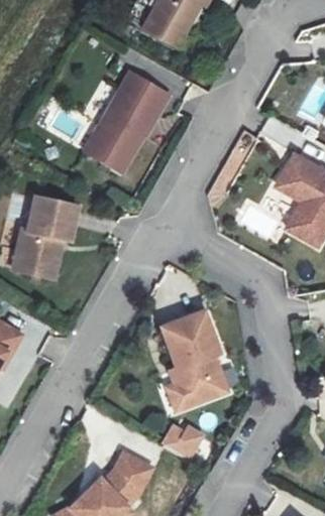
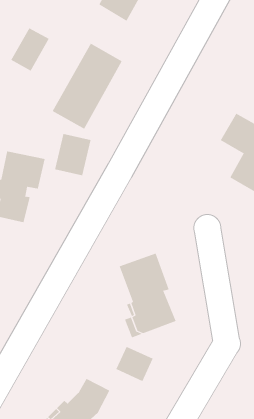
building: none -> [10,27,49,72]
building: none -> [54,133,91,176]

